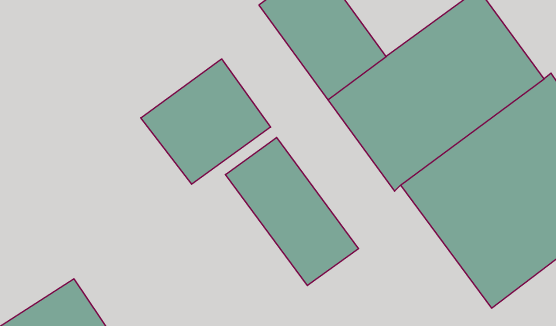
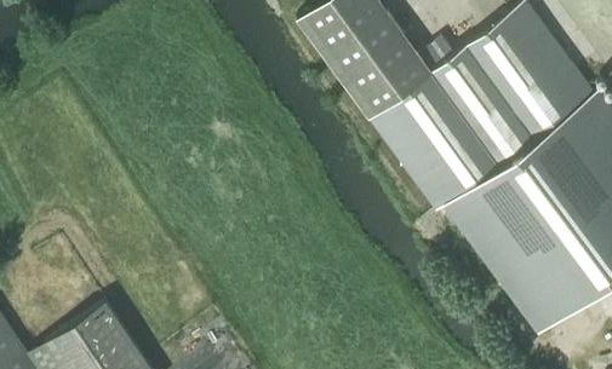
building: [141,59,271,184] -> none
building: [225,137,359,286] -> none

